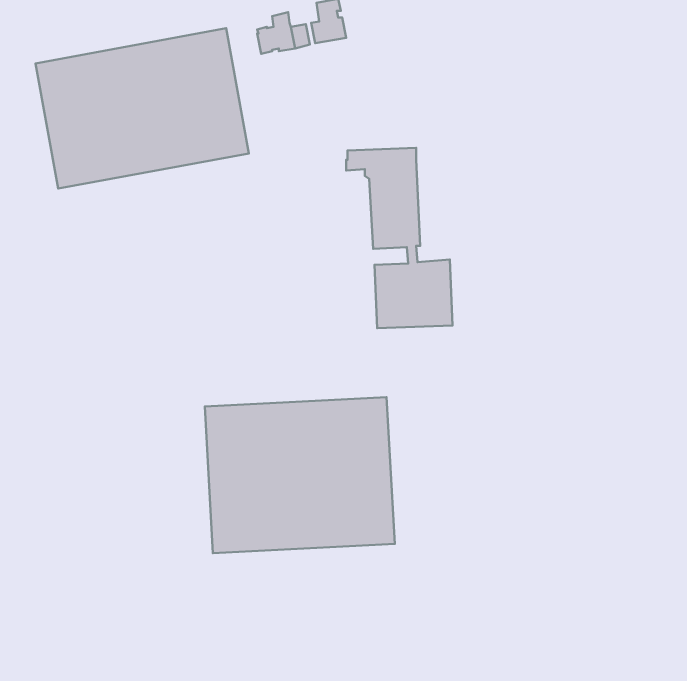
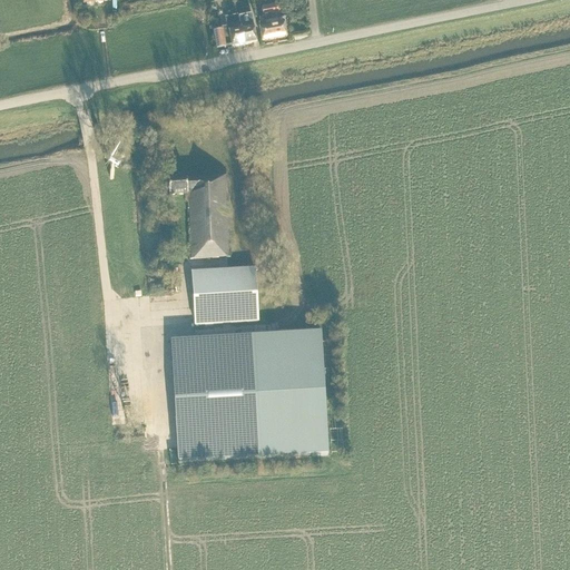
building: [35,28,249,189] -> none
building: [346,148,453,328] -> [169,171,257,321]

